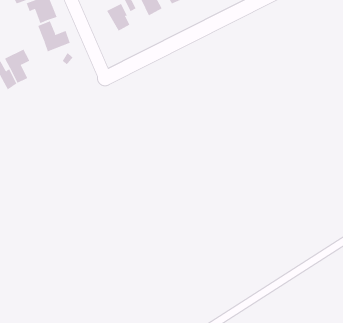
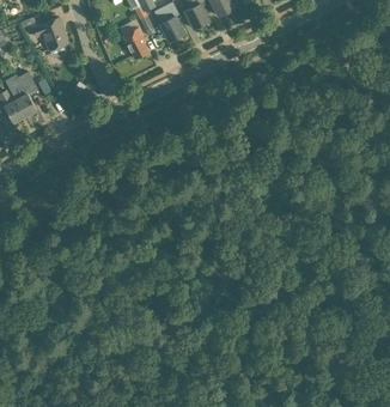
building: [38,21,71,52] -> none

